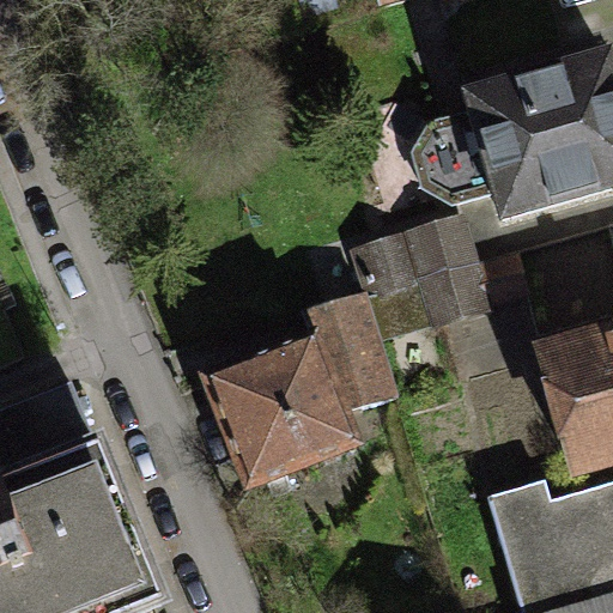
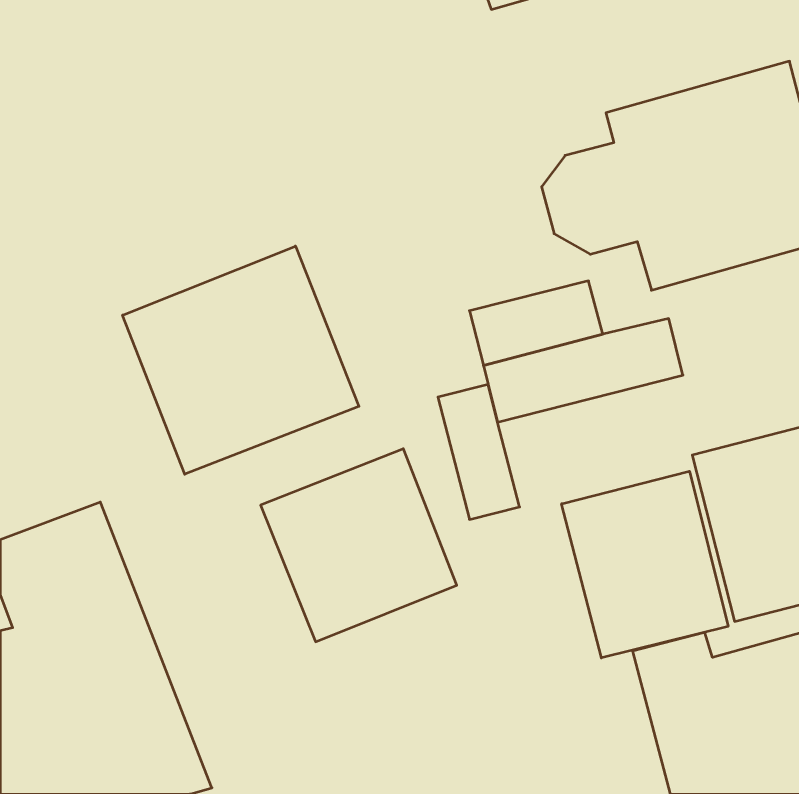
building: none -> [123,246,359,474]
building: none -> [562,471,728,658]

